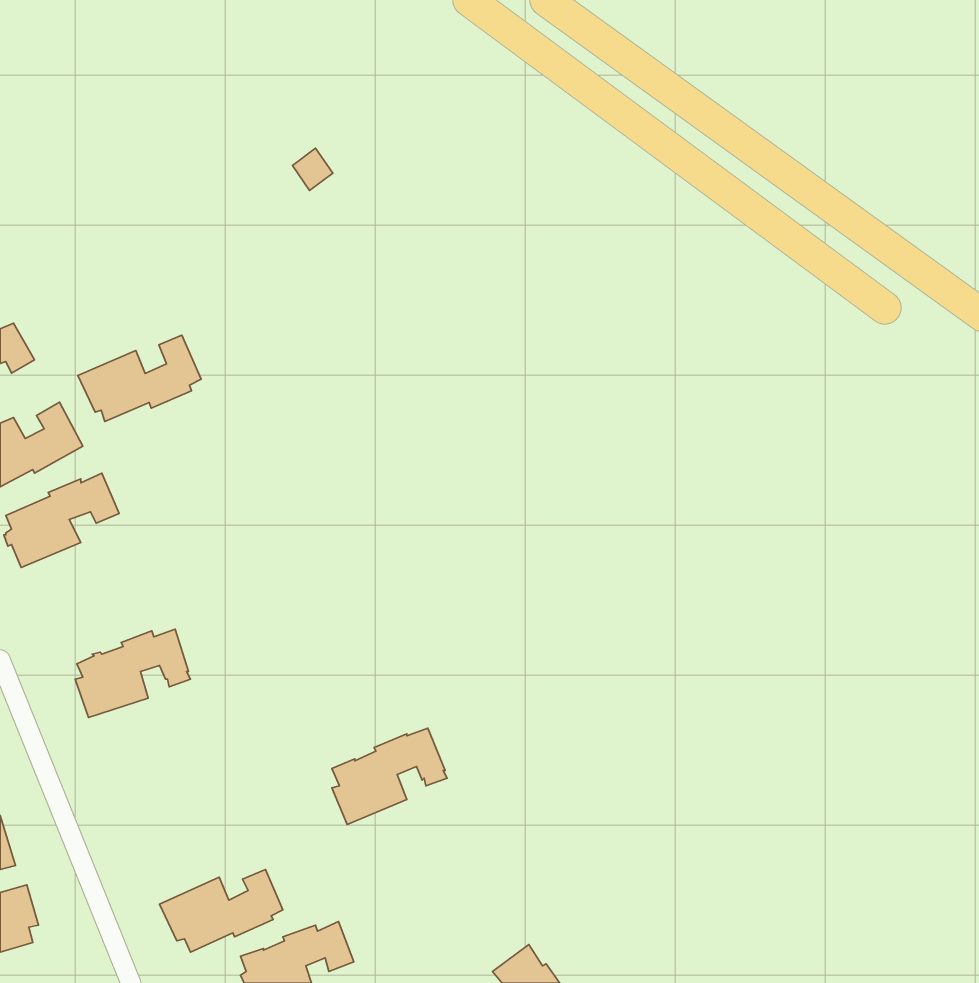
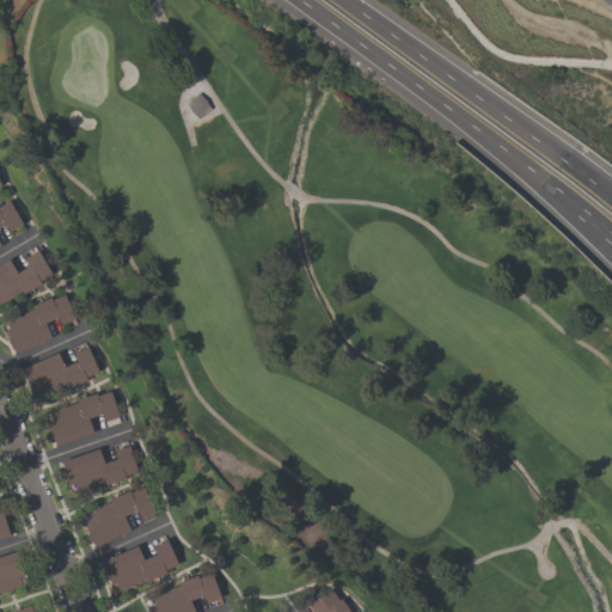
building: [78,335,201,422] -> [23,343,99,397]
building: none -> [62,446,140,494]
building: [332,728,447,824] -> [85,486,157,546]

